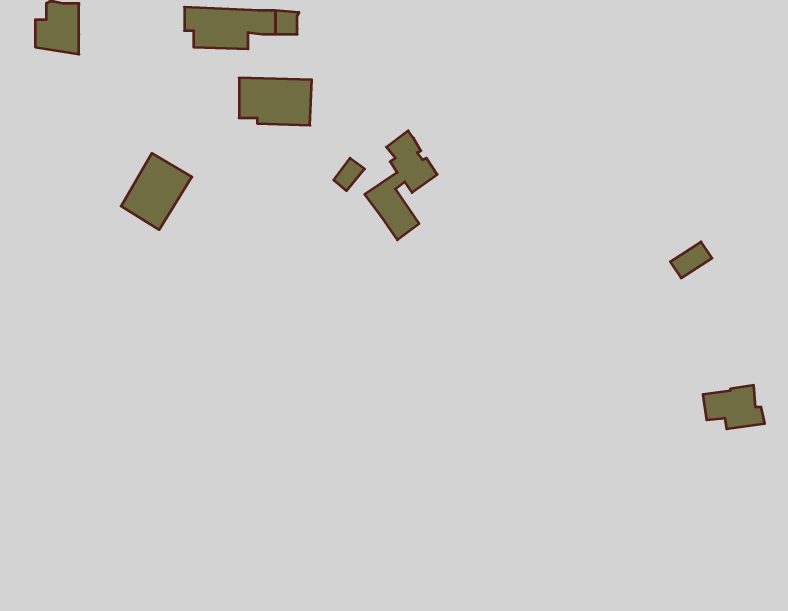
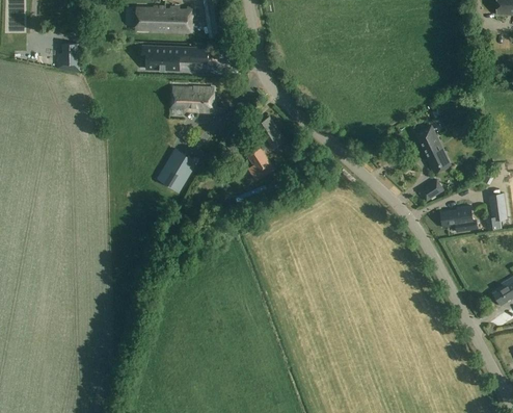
building: none -> [413,125,450,172]
building: [121,153,192,230] -> [157,149,197,192]
building: [703,385,765,429] -> [441,206,477,231]

